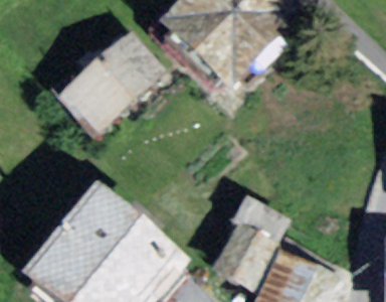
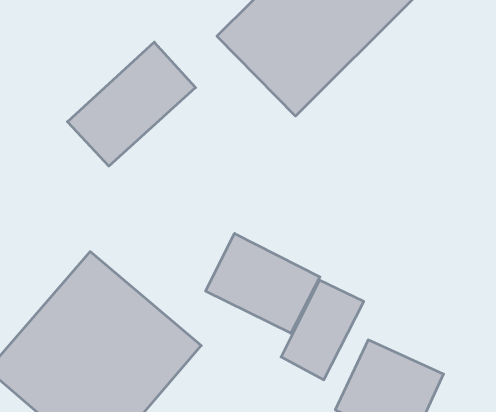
building: none -> [206,233,320,333]

